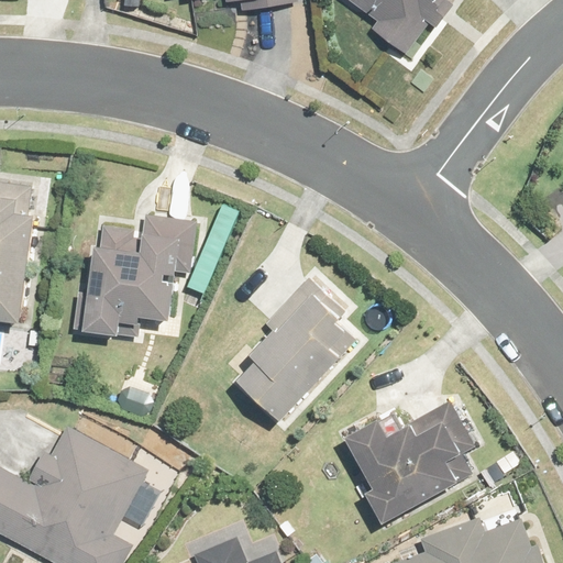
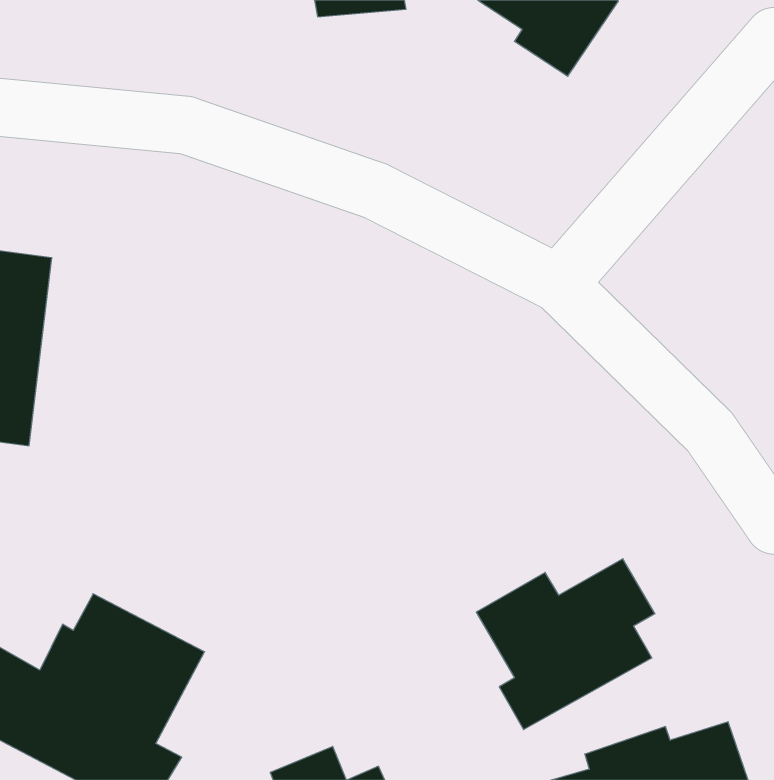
building: [84,216,197,341] -> none
building: [238,279,354,421] -> none

